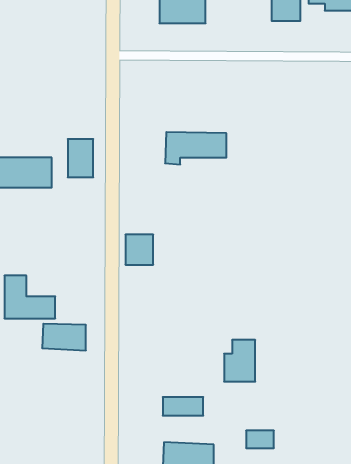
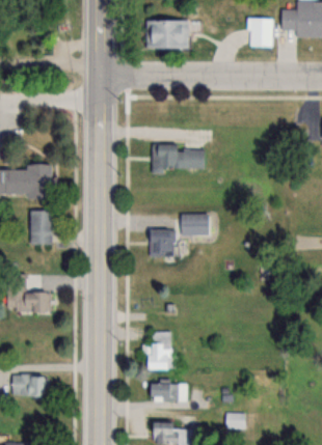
building: [68,139,93,177] -> [30,211,53,245]
building: none -> [180,215,209,235]
building: [125,235,153,265] -> [150,230,175,257]
building: [42,324,86,350] -> [10,376,50,399]
building: [224,340,255,382] -> [144,332,172,369]

